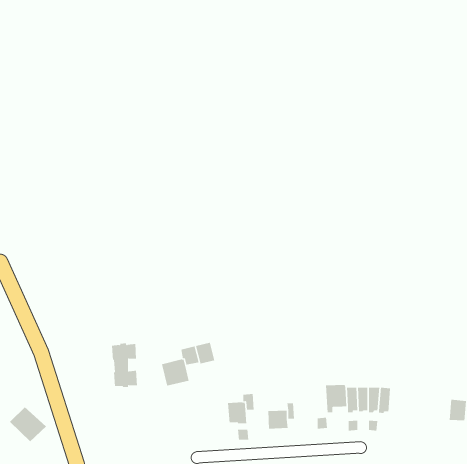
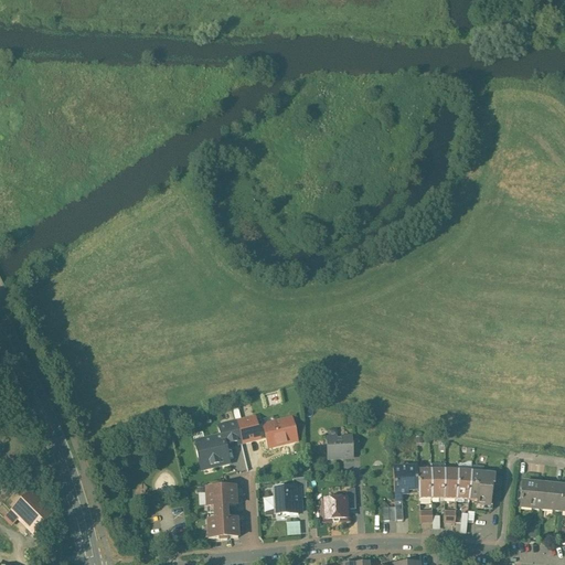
building: [111,343,138,388] -> [206,482,238,536]
building: none -> [265,416,297,443]
building: none -> [328,434,353,456]
building: none -> [470,469,495,503]
building: none -> [520,479,544,507]

